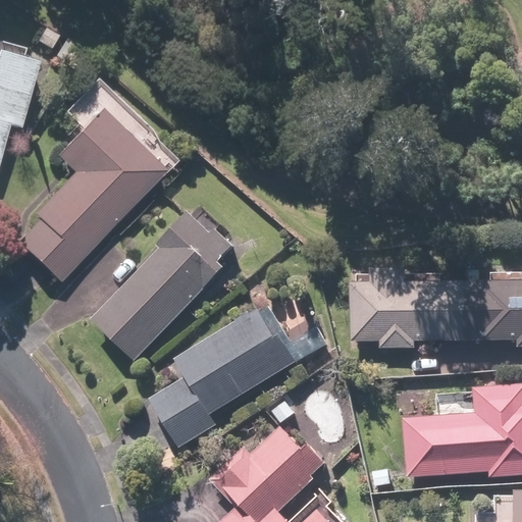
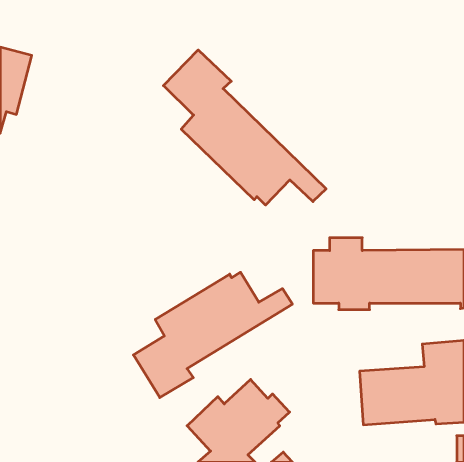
building: none -> [163,50,326,205]
building: [16,109,164,282] -> none
building: [91,212,232,361] -> none

